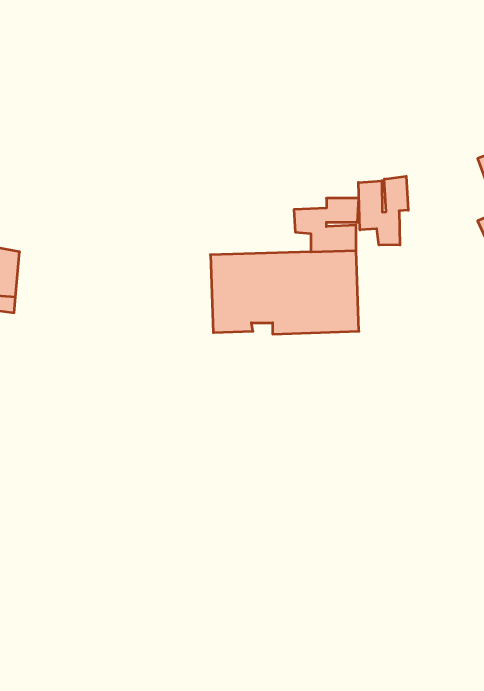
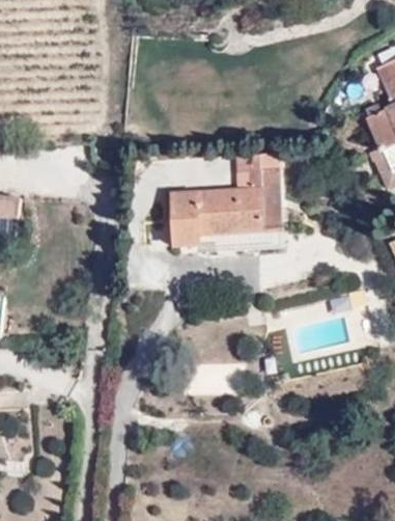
building: [358,176,408,245] -> none

